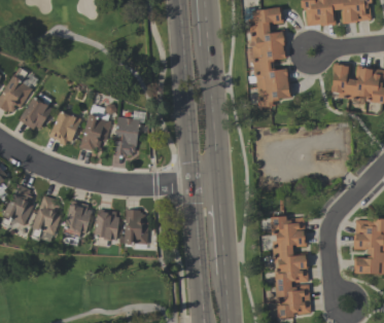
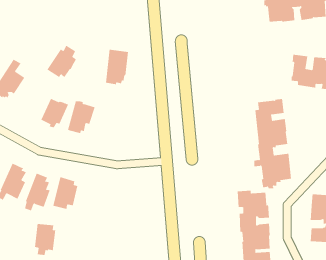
building: [248,7,291,109] -> [254,98,292,189]
building: [19,93,53,130] -> [47,45,77,78]
building: [113,117,140,157] -> [105,49,129,85]
building: [95,210,119,246] -> [34,223,56,255]
building: [125,210,149,245] -> none

